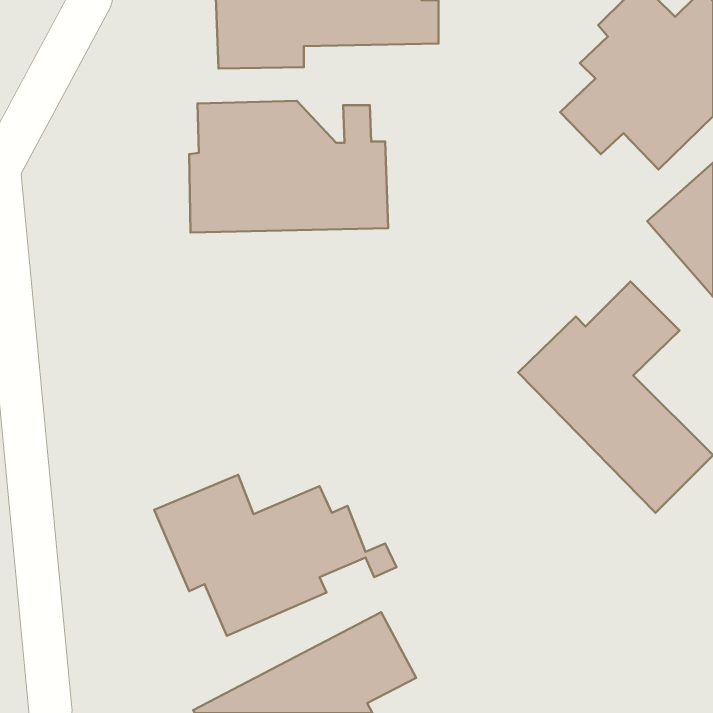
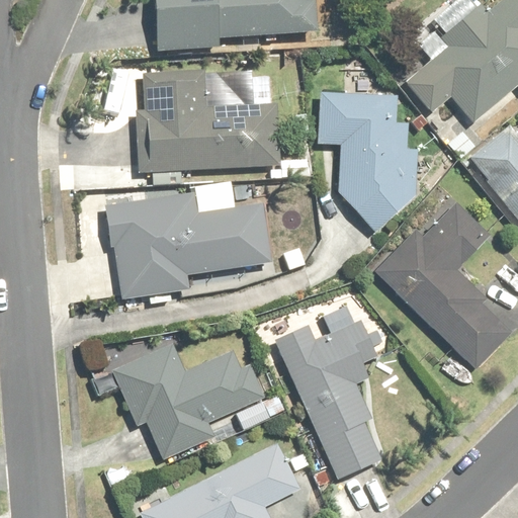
building: none -> [317,91,416,231]
building: none -> [104,181,272,299]
building: none -> [275,318,383,476]

